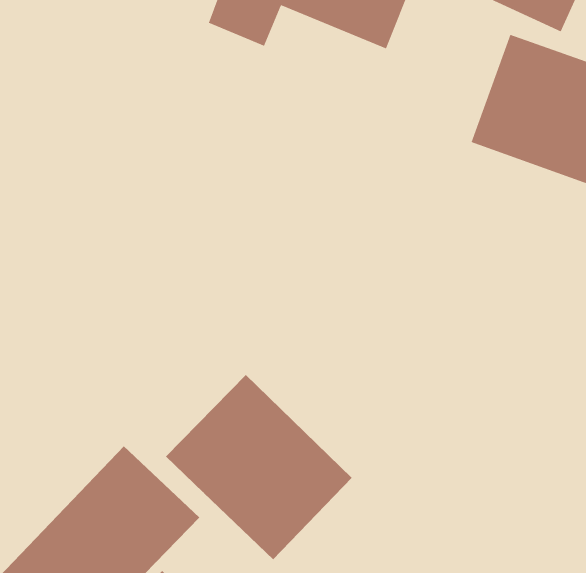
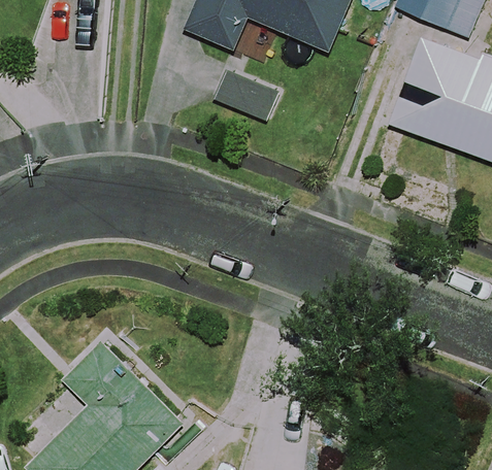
building: [165,374,352,560] -> none

